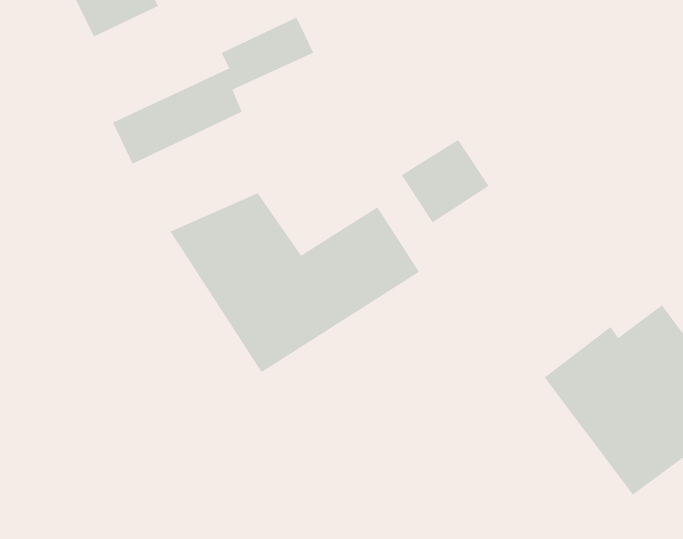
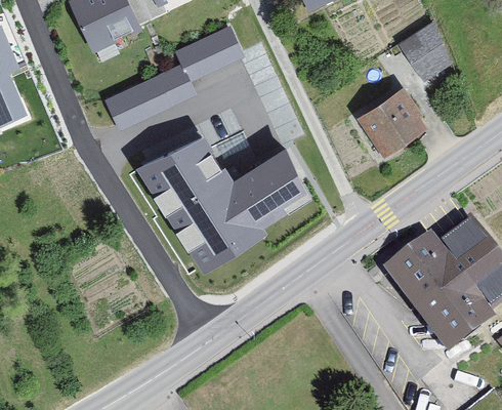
building: none -> [399,28,447,78]
building: [401,139,489,223] -> [365,92,423,148]

